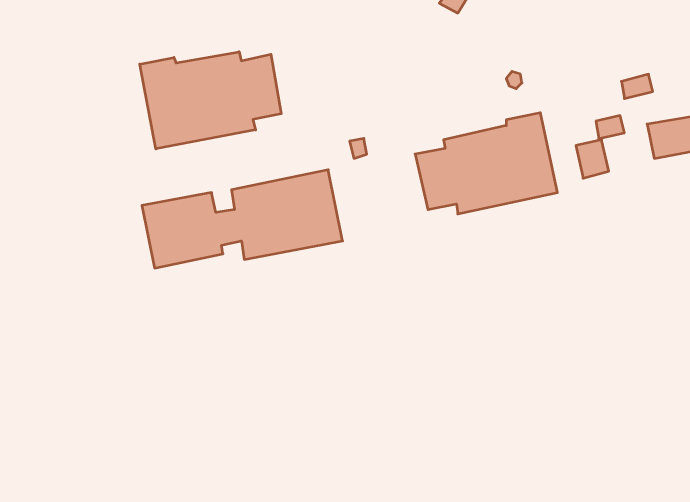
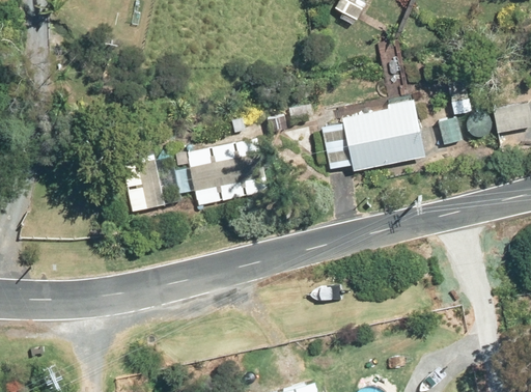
building: [140,52,281,149] -> none

